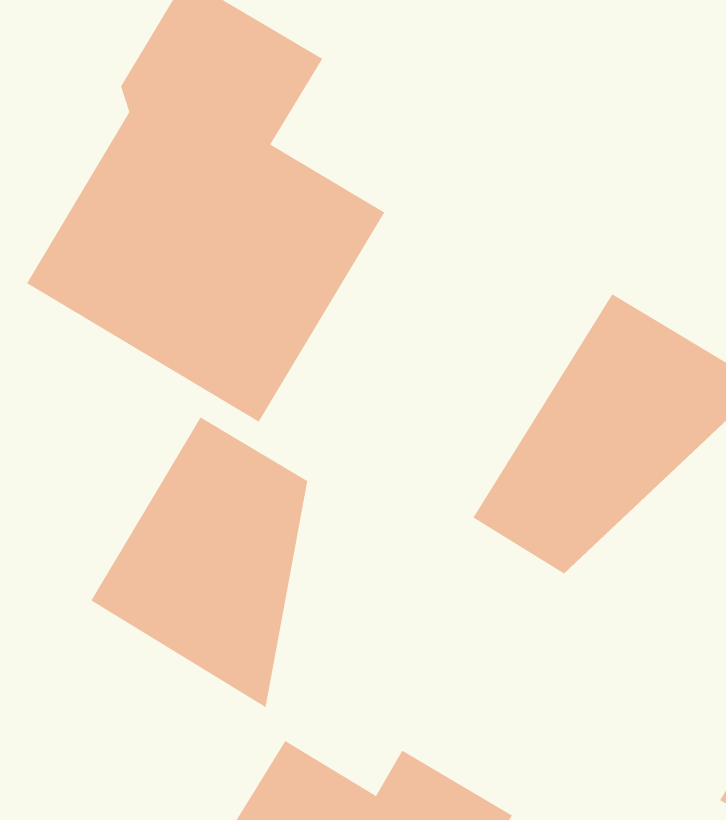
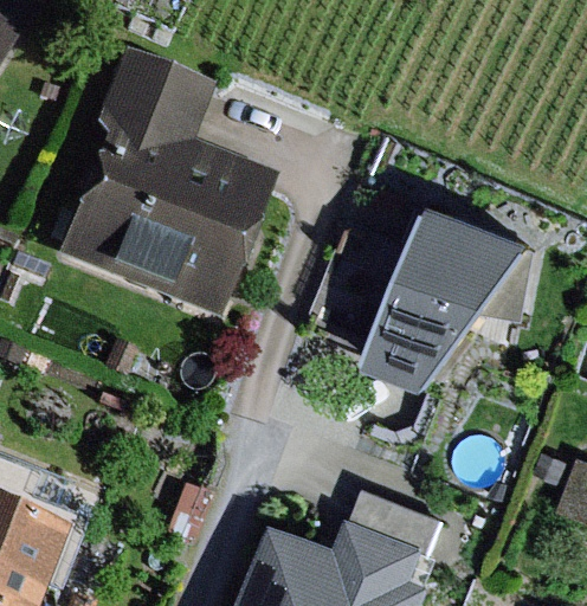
building: [91,416,308,708] -> none

